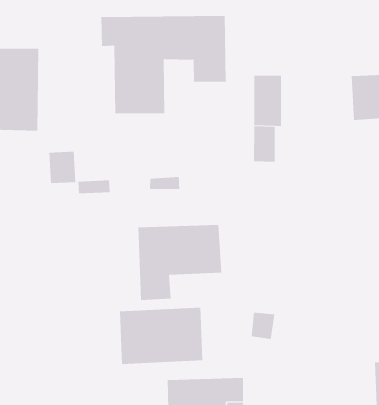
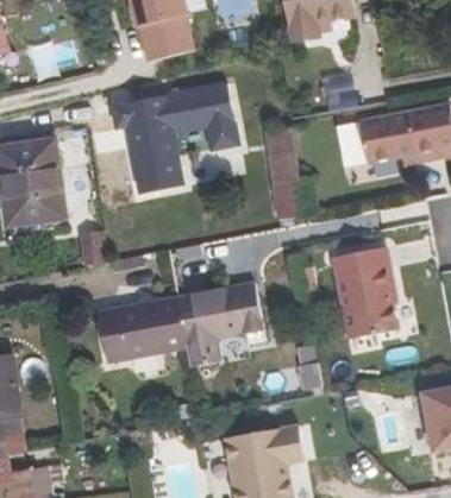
building: none -> [332,248,397,340]
building: [119,307,203,365] -> [96,297,184,364]

